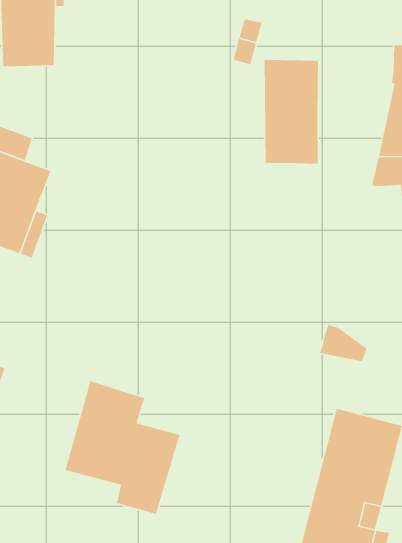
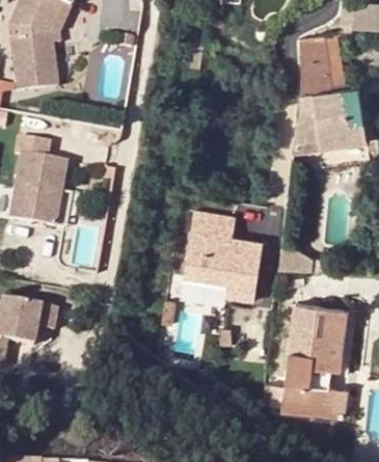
building: [264,59,319,164] -> none
building: [64,380,180,515] -> [182,213,262,303]

